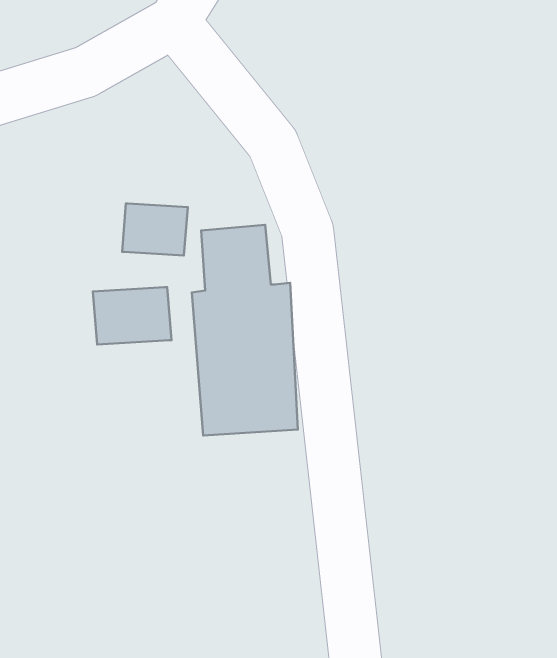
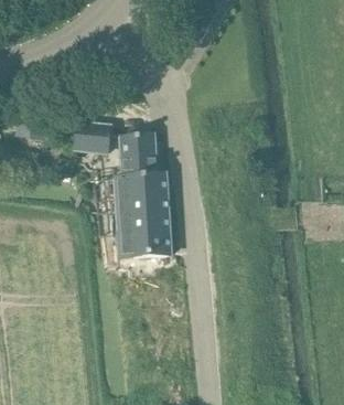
building: [93,287,171,344] -> none

